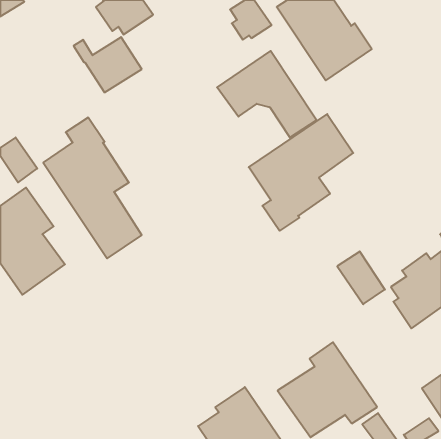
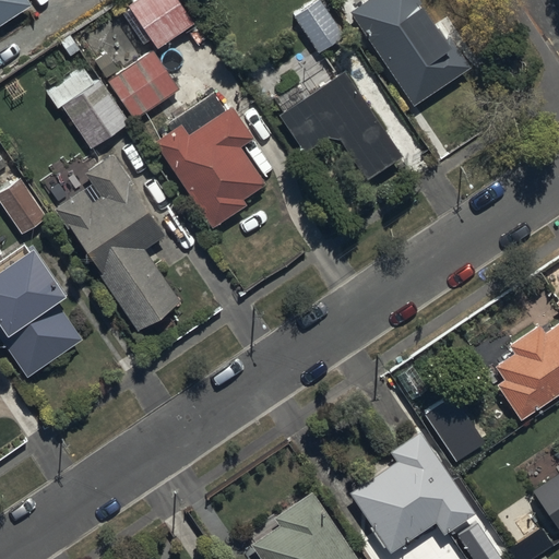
building: none -> [62,81,128,147]
building: none -> [153,92,264,226]
building: [249,114,353,231] -> none
building: [337,251,385,304] -> [426,400,486,466]

